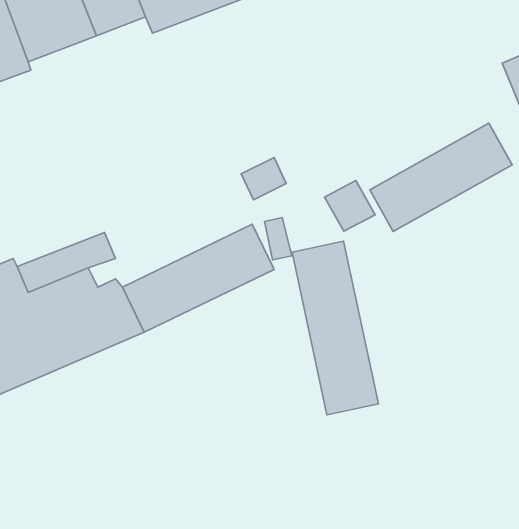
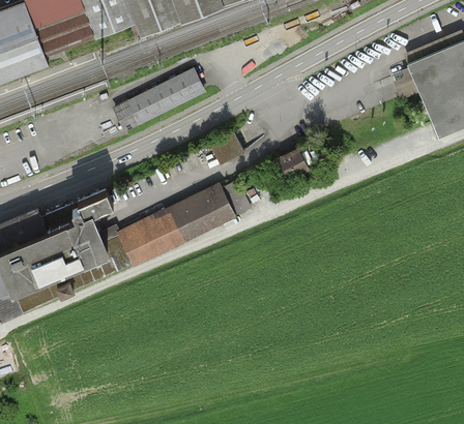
building: none -> [116,68,203,127]
building: [370,123,512,231] -> none
building: [292,241,379,415] -> none

